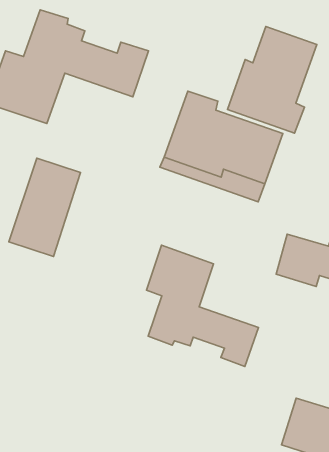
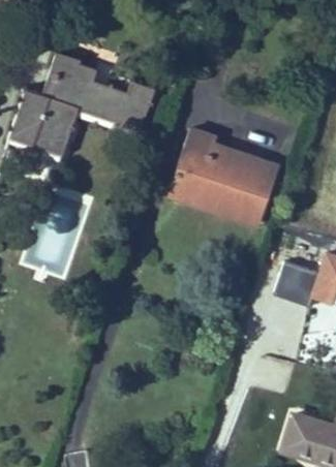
building: [227,27,317,133] -> none
building: [146,245,258,366] -> none

